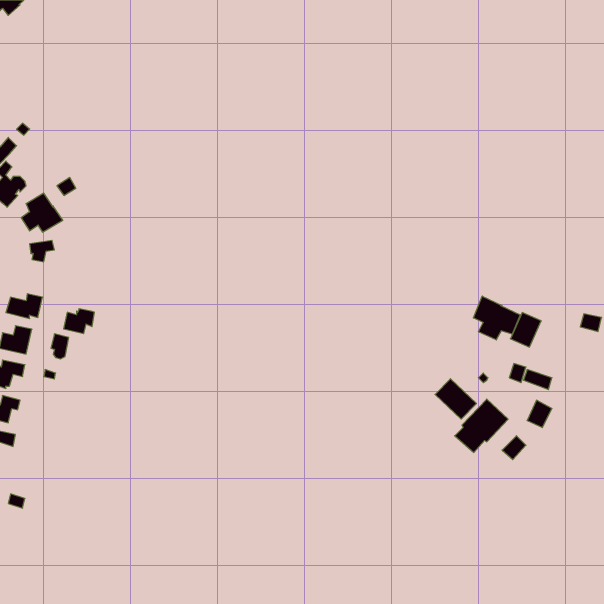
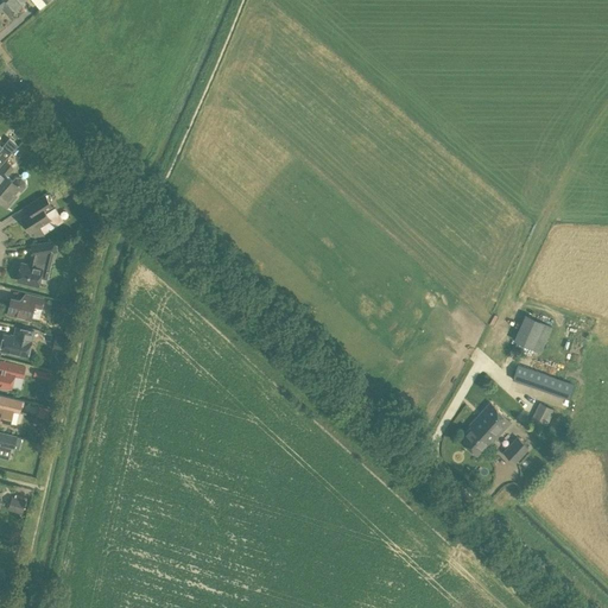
building: [473,296,520,340] -> none
building: [64,309,94,334] -> [17,261,48,286]
building: [435,379,476,419] -> none

